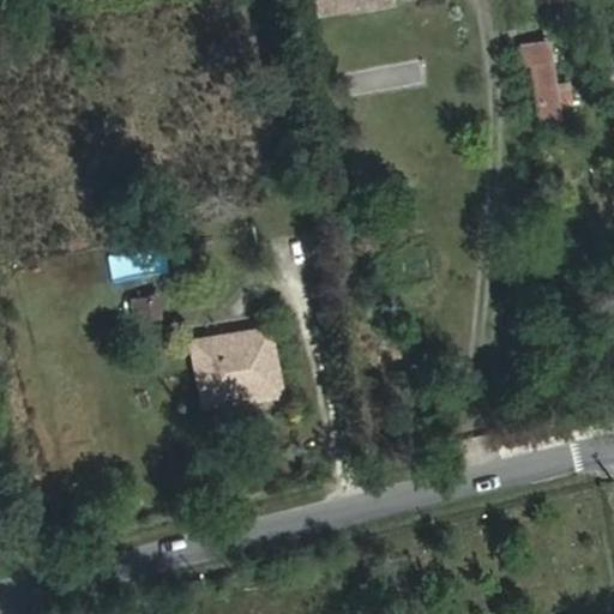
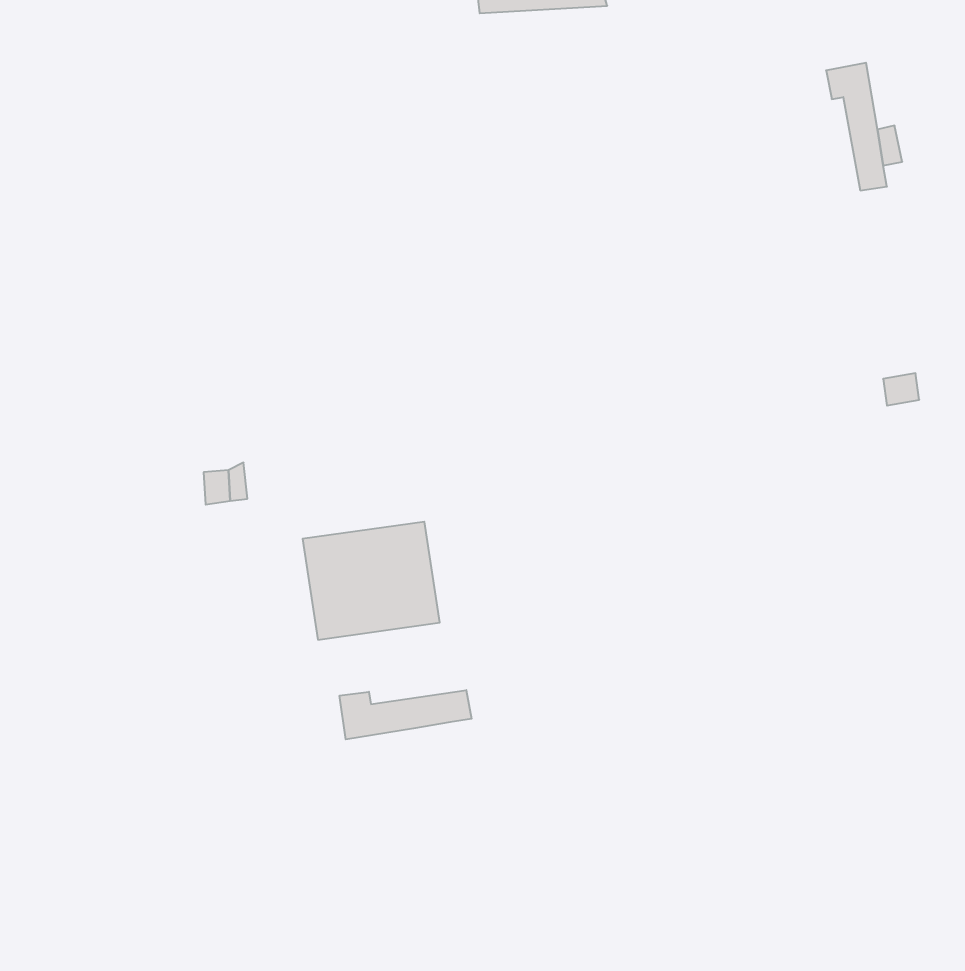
building: none -> [340,690,472,739]

